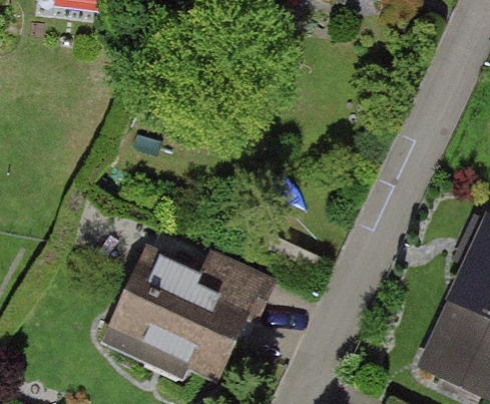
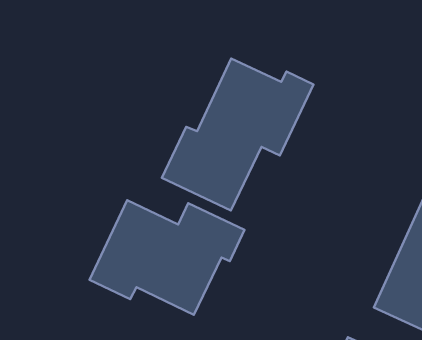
building: none -> [162,59,314,211]

